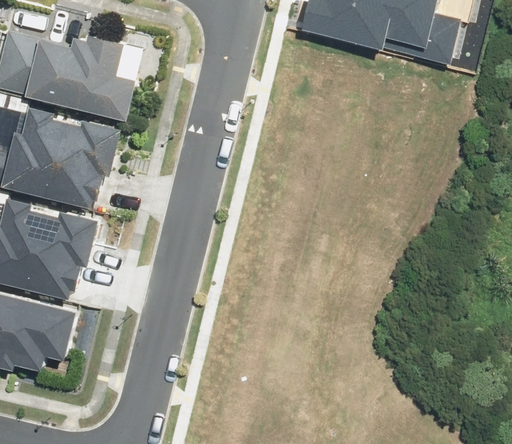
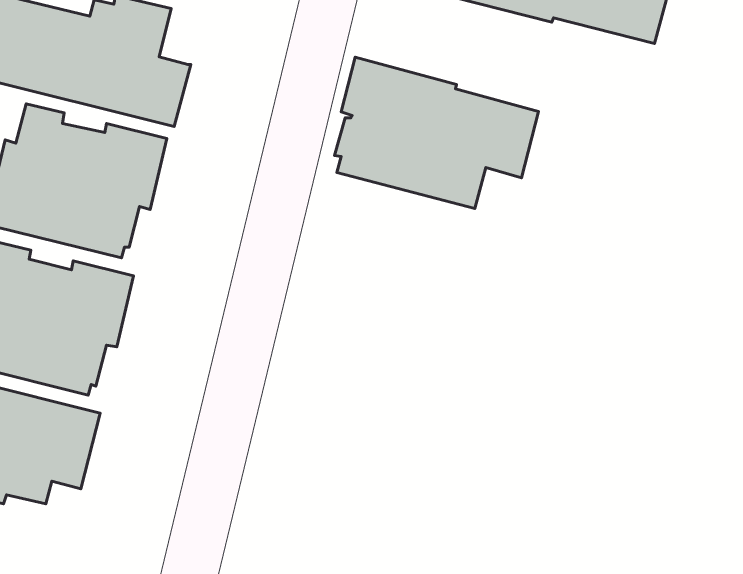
building: none -> [334,57,539,209]

